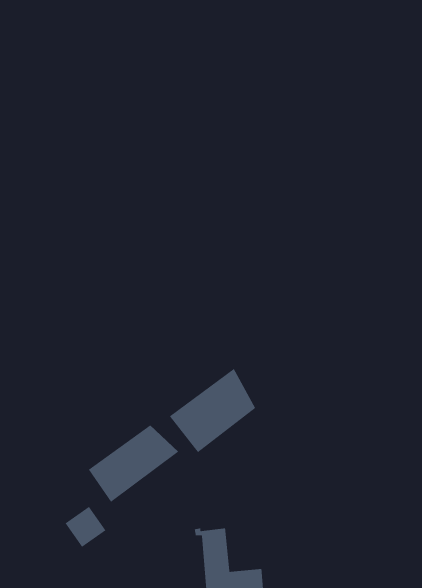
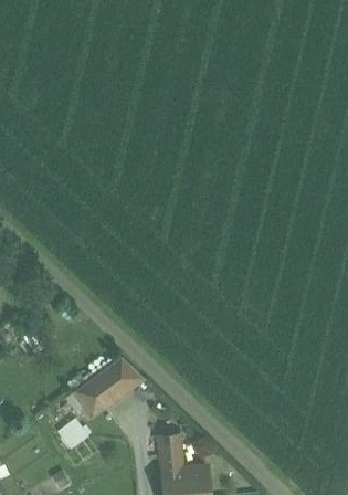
building: [169,368,256,453] -> none

